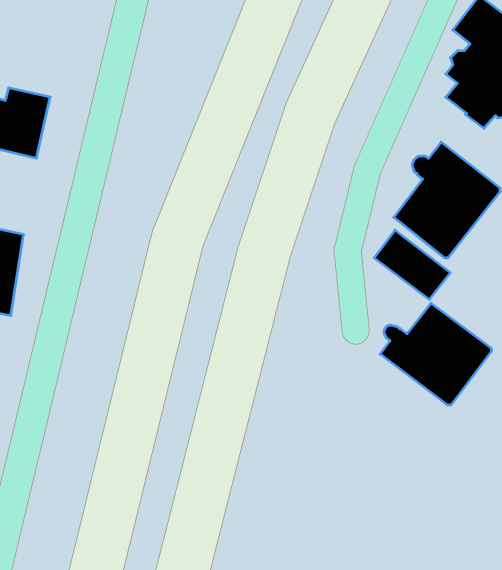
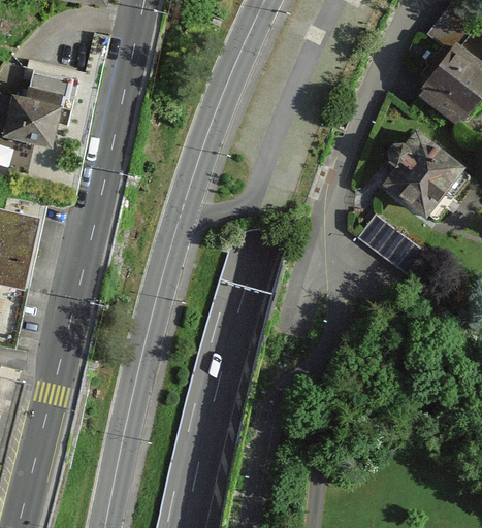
building: [380,303,492,405] -> none

